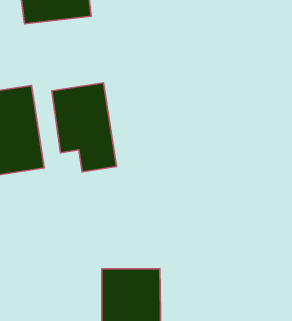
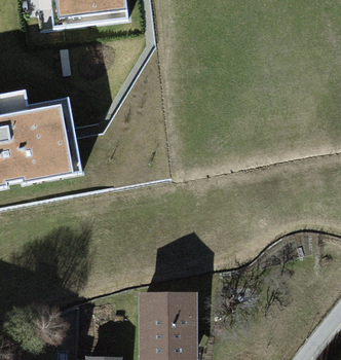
building: [52,83,116,172] -> none

